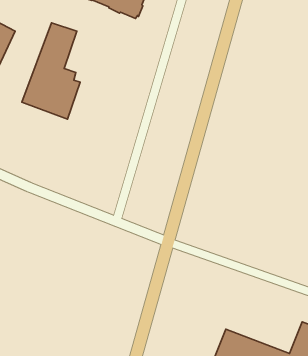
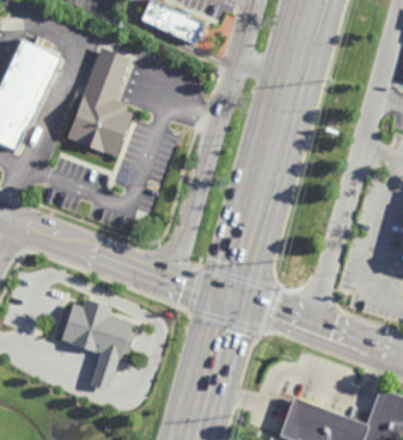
building: none -> [60,297,134,391]

